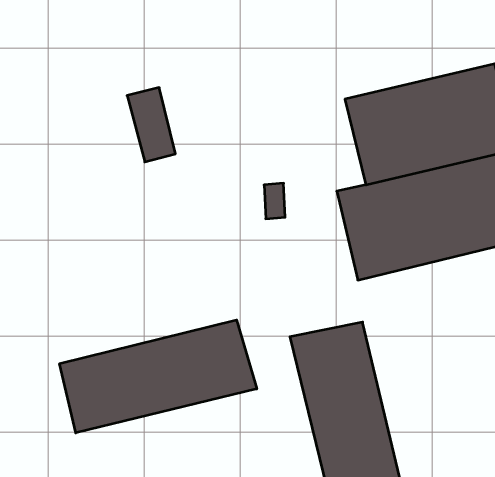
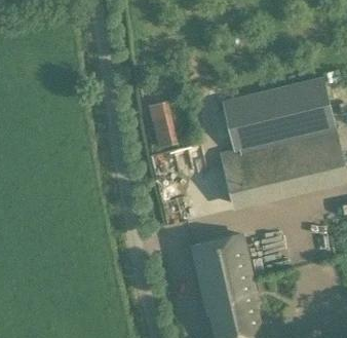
building: [127,88,175,162] -> [147,101,178,148]
building: [60,320,257,433] -> none

